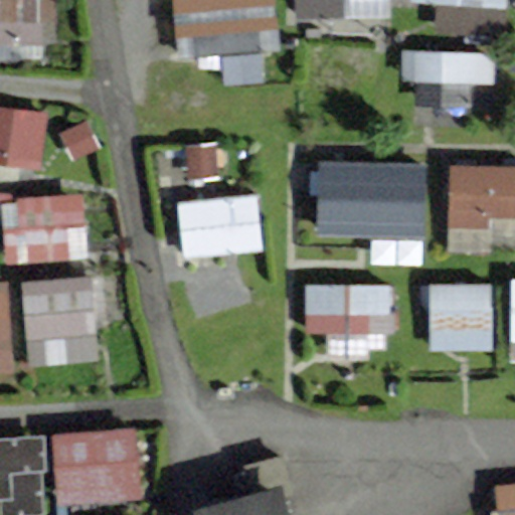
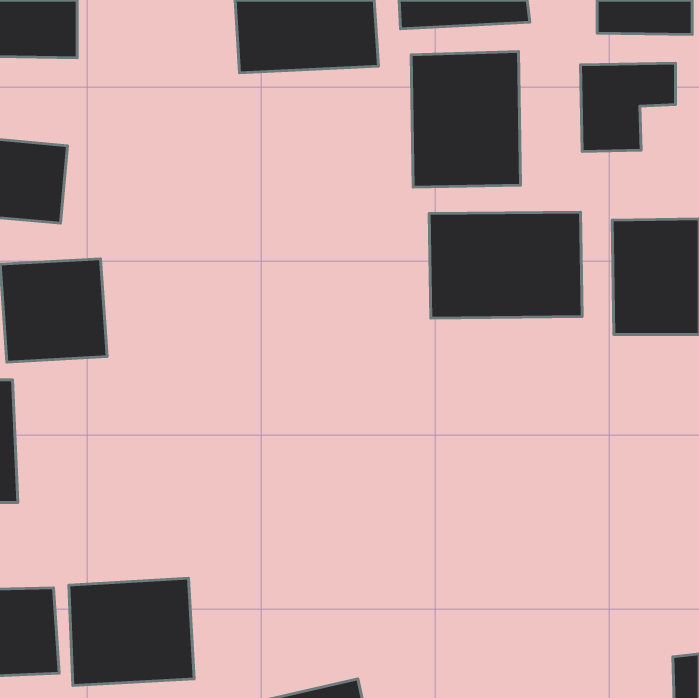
building: none -> [411,51,521,187]
building: [177,195,261,256] -> none
building: [22,277,96,339] -> none
building: [305,282,392,337] -> none
building: [427,284,494,353] -> none

